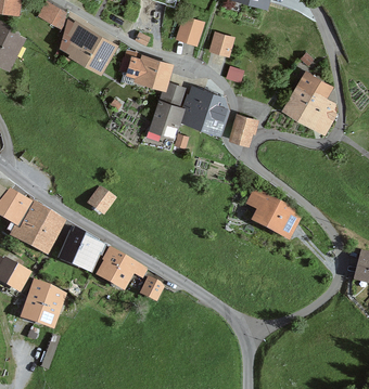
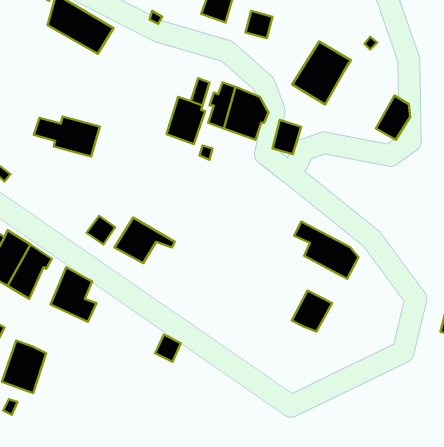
building: [120,57,170,88] -> [34,116,100,156]
building: [284,76,329,124] -> [292,42,351,105]
building: none -> [292,291,332,331]
building: [100,251,145,286] -> [115,217,175,263]

